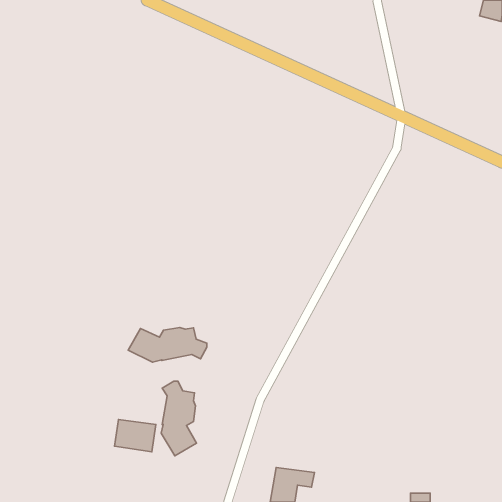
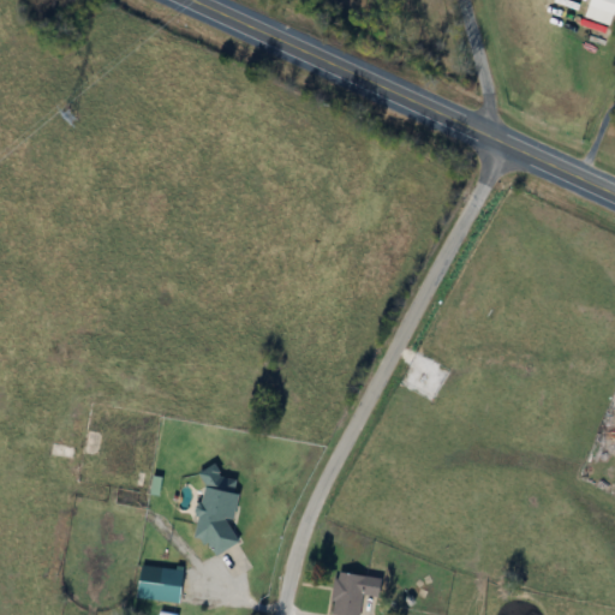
building: [128,328,207,362] -> none
building: [115,419,156,452] -> [136,565,186,604]

